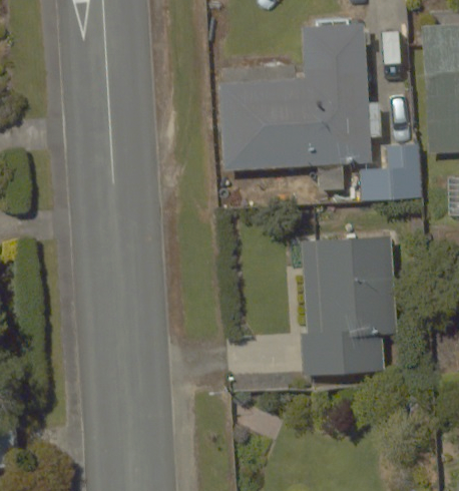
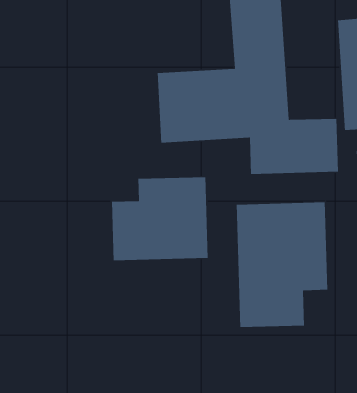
building: none -> [111,176,208,261]

